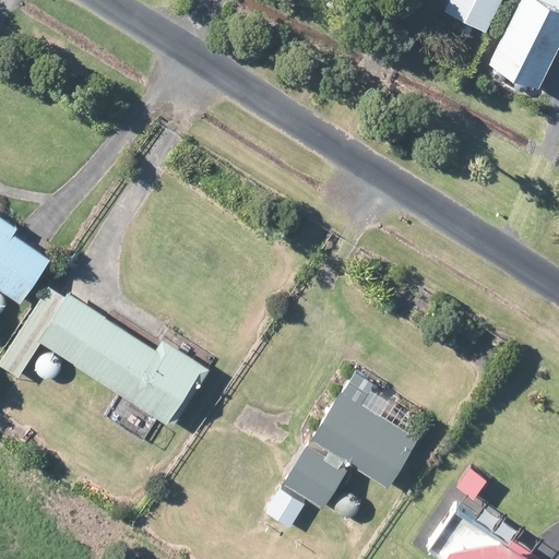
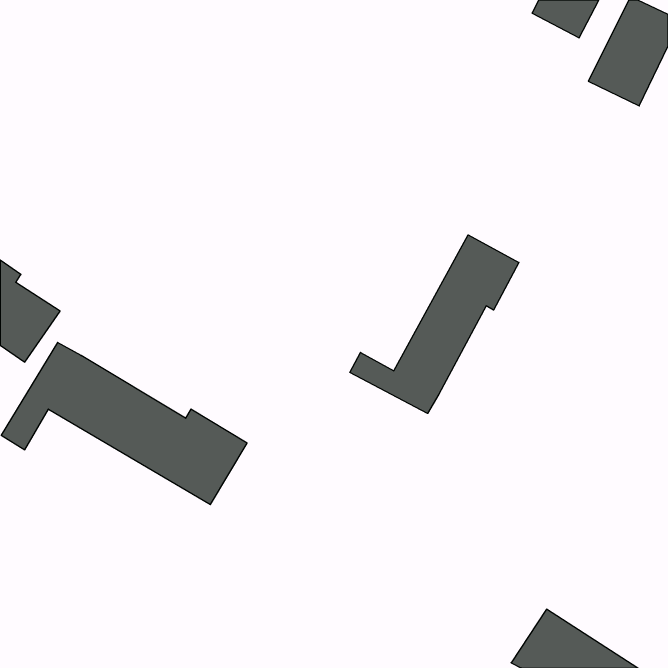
building: none -> [350,235,519,413]
building: [264,372,419,530] -> none

